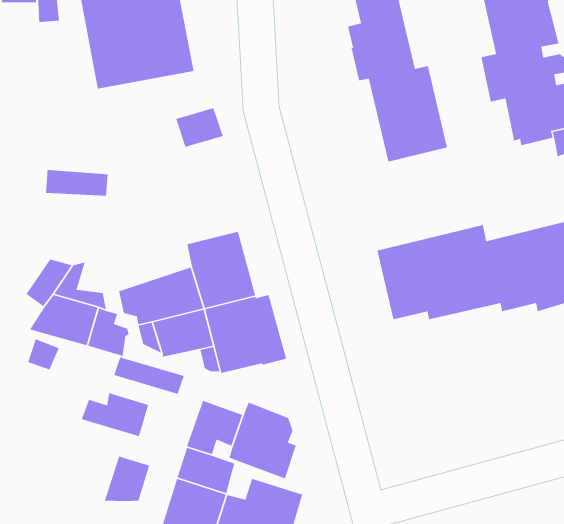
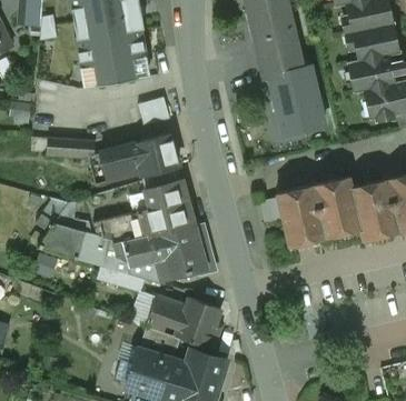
building: none -> [101,133,178,180]
building: [81,392,149,437] -> none
building: [104,455,150,502] -> none

